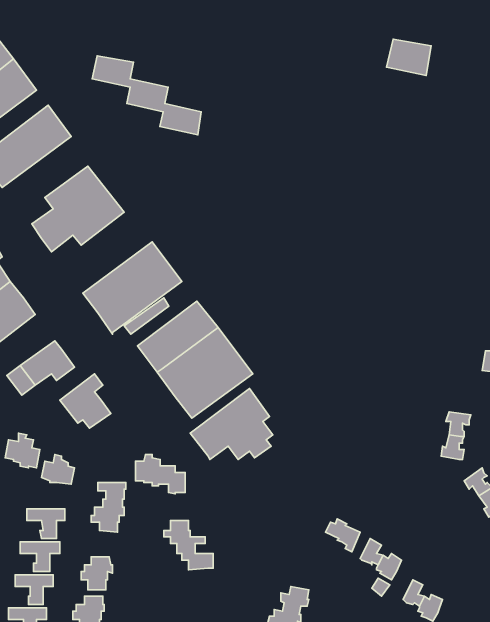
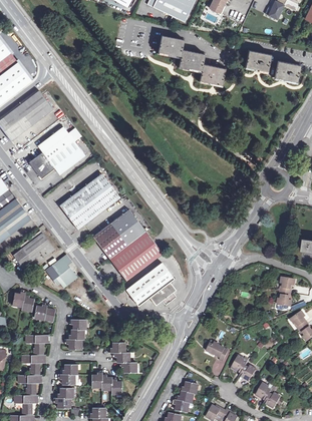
building: none -> [274,60,300,83]
building: [92,56,201,135] -> [159,35,225,83]
building: [136,454,185,494] -> [91,371,121,395]

